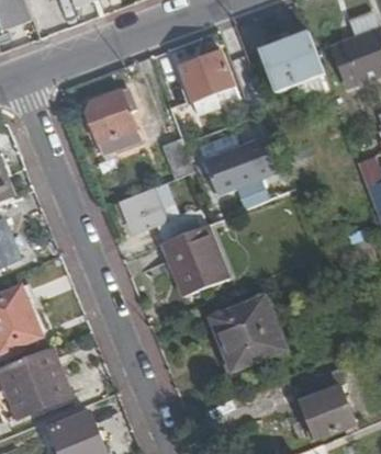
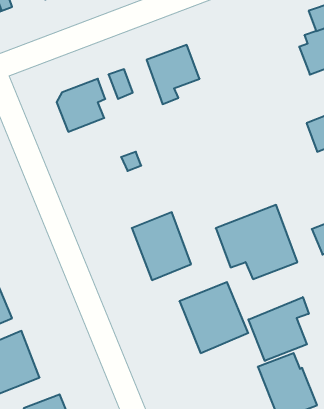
building: [259,32,323,90] -> none
building: [209,128,293,205] -> [216,205,297,279]
building: [121,190,167,234] -> none
building: none -> [248,297,309,361]

